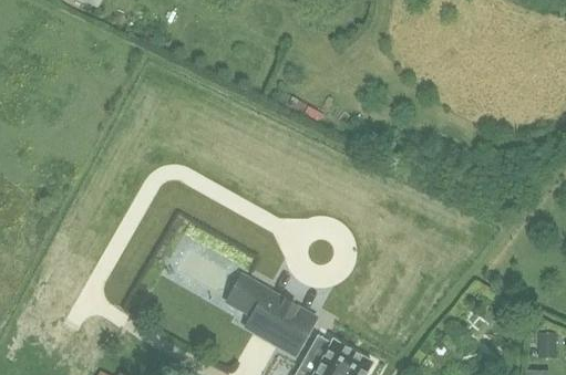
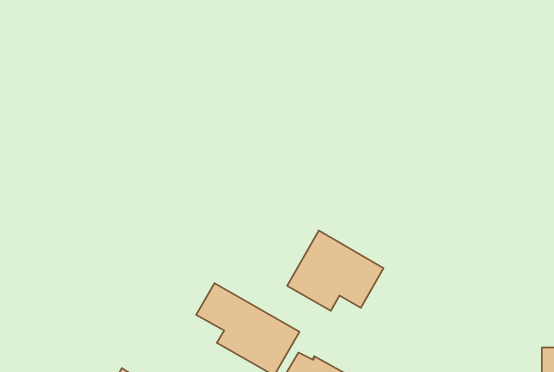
building: none -> [287,230,384,311]

